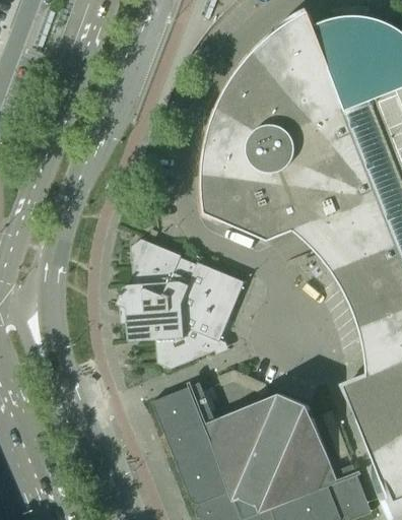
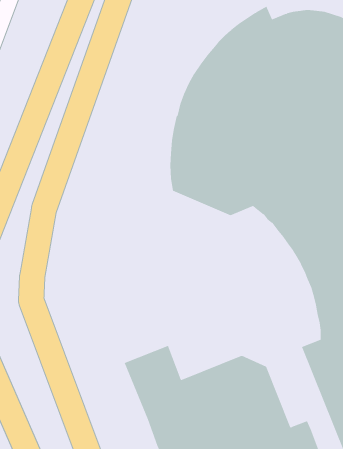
building: [117,240,244,370] -> none

